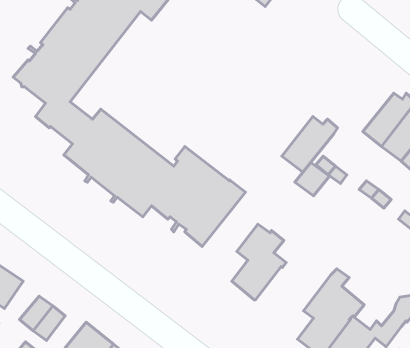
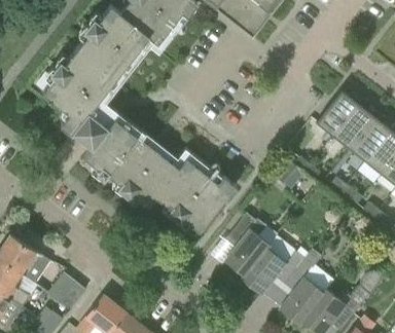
building: [282,117,338,172] -> [316,90,362,137]
building: none -> [241,246,307,295]

